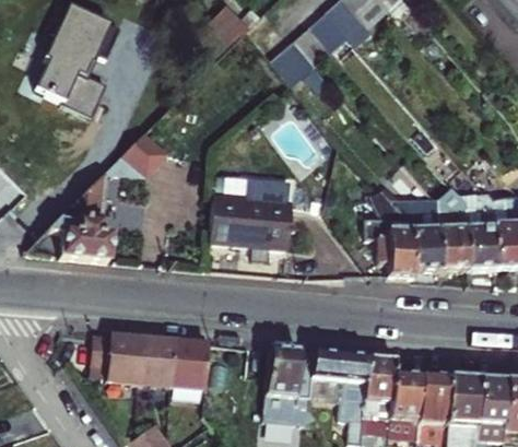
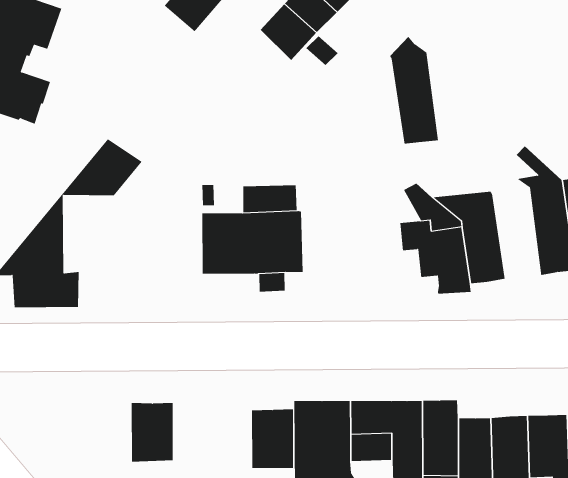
building: [438,187,470,270] -> [389,36,439,144]
building: [92,333,144,383] -> none
building: [173,340,210,388] -> [251,409,294,468]

